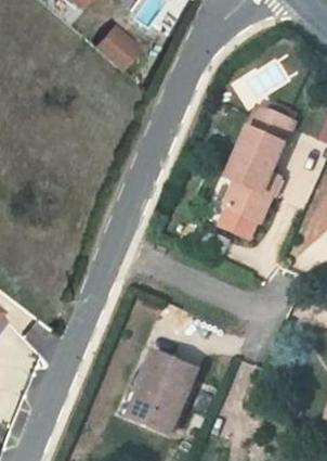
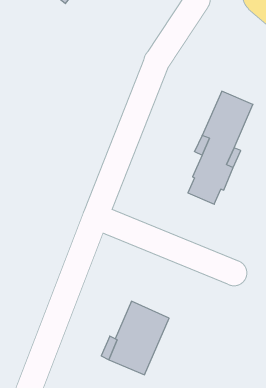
building: [93,27,135,69] -> none

